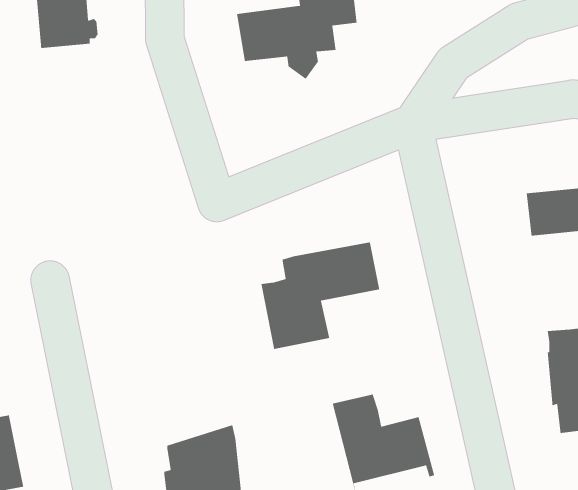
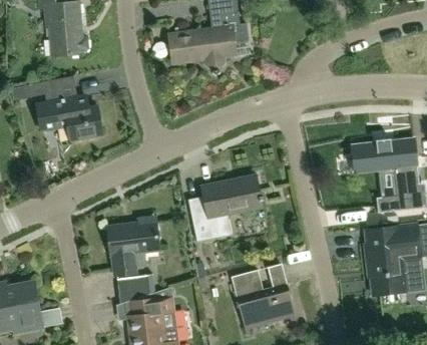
building: none -> [35,95,102,138]
building: none -> [107,221,158,274]
building: none -> [116,275,149,303]

